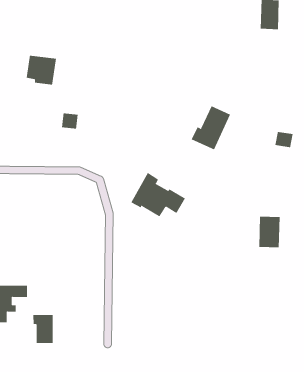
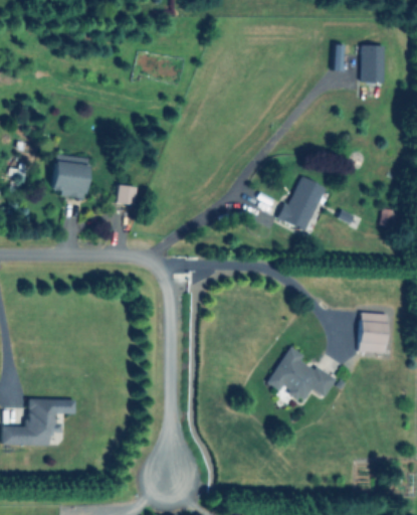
building: [26,55,57,85] -> [51,161,89,198]
building: [130,172,186,217] -> [268,346,337,401]
building: [33,314,53,344] -> none

